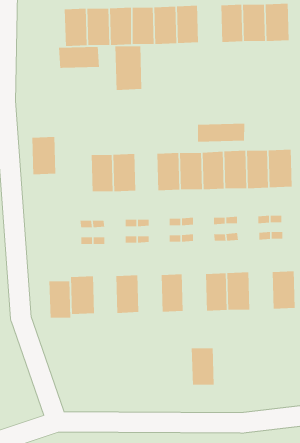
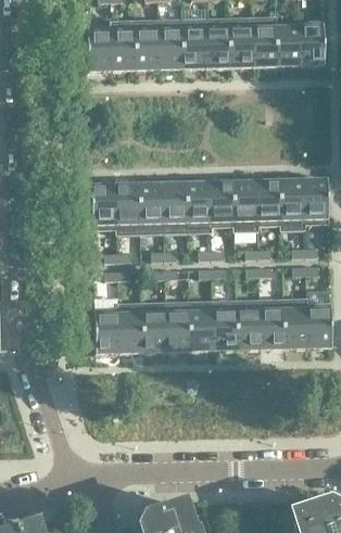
building: none -> [230,25,255,65]
building: [115,46,142,91] -> none
building: [58,46,100,69] -> none
building: [197,123,245,142] -> none
building: [32,136,56,175] -> [92,182,118,224]
building: none -> [164,181,188,221]
building: none -> [285,306,310,347]
building: none -> [167,309,192,350]
building: [49,280,71,318] -> [121,310,144,351]
building: [191,348,215,386] -> [214,308,239,348]

